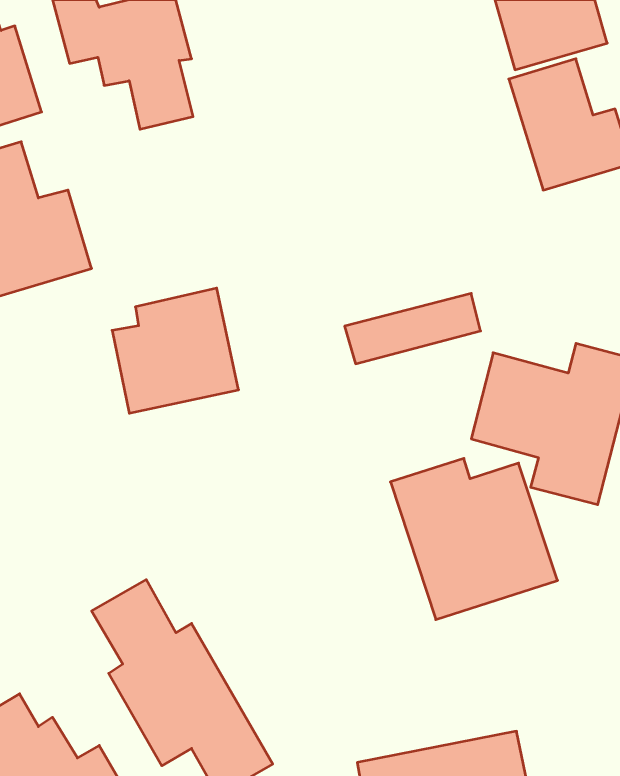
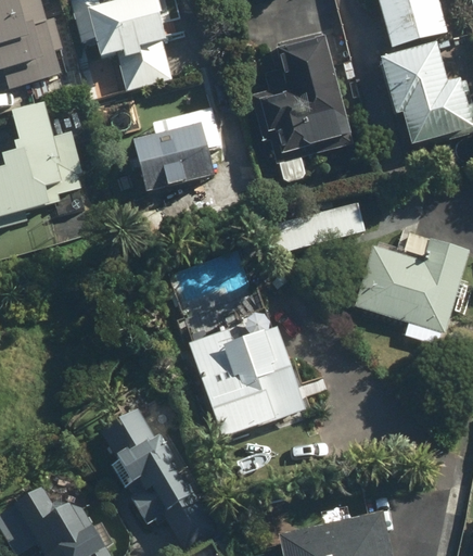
building: none -> [260,31,346,150]
building: [112,288,239,413] -> [135,108,222,194]
building: [390,458,558,620] -> [190,325,306,437]

